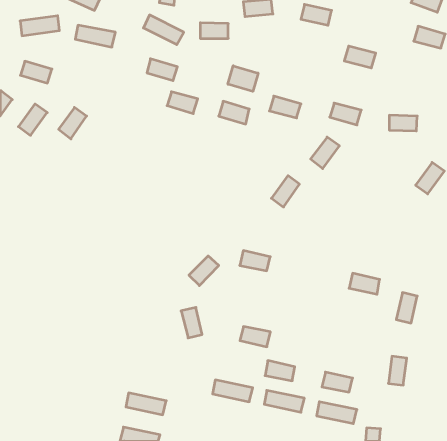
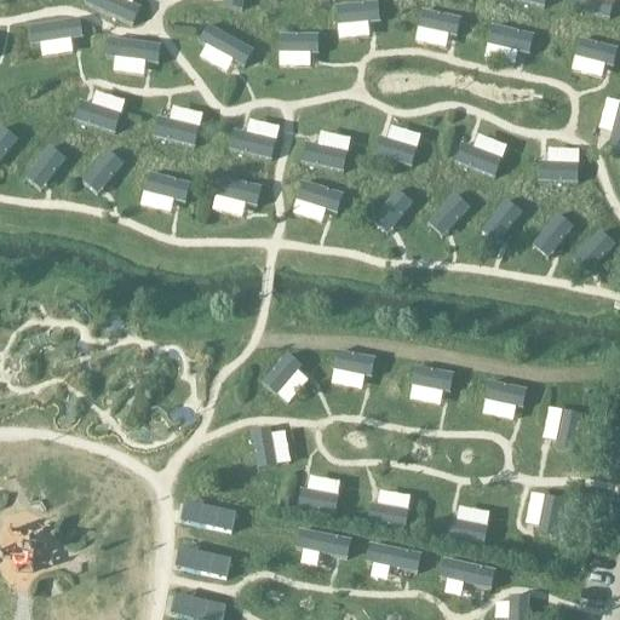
building: [344,46,376,68] -> [487,22,530,52]
building: [147,59,177,81] -> [154,114,196,144]
building: [20,61,52,83] -> [75,101,119,131]
building: [228,66,258,91] -> none
building: none -> [148,170,190,200]
building: none -> [216,174,258,205]
building: none -> [295,180,338,211]
building: none -> [482,199,521,242]
building: none -> [533,212,573,256]
building: [271,176,299,207] -> [372,188,411,231]
building: none -> [411,364,452,394]
building: [240,327,270,347] -> [295,486,338,513]
building: none -> [178,501,234,532]

